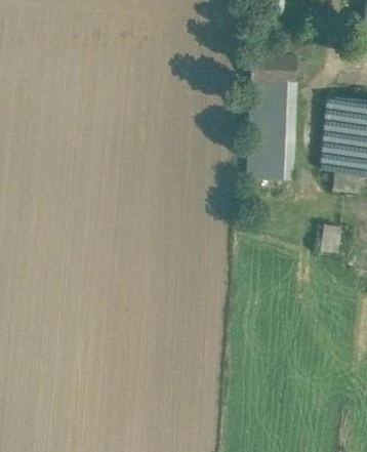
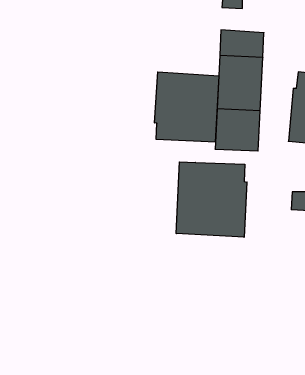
building: none -> [155,72,219,142]
building: none -> [176,162,247,237]

